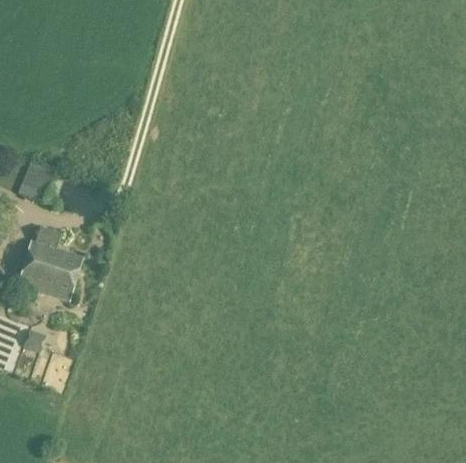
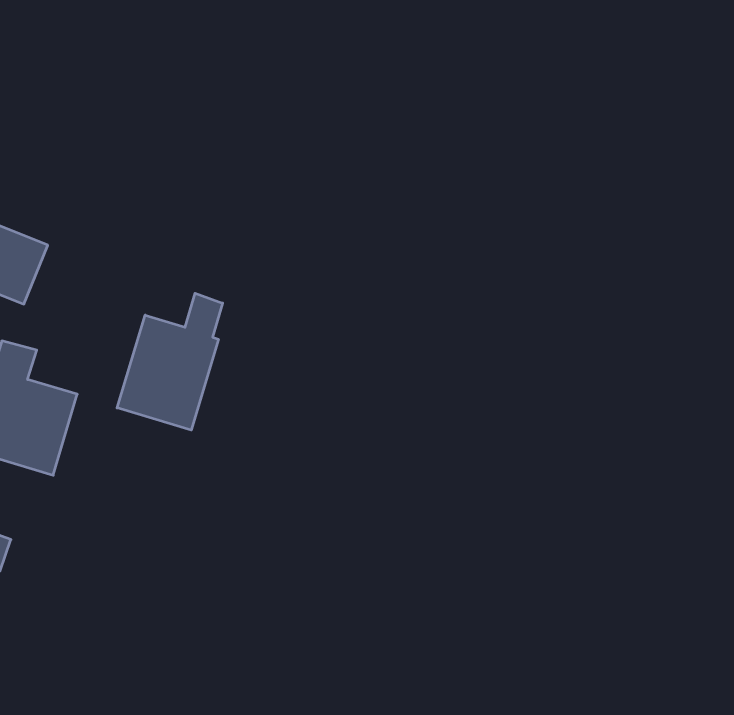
building: none -> [117,293,223,430]

